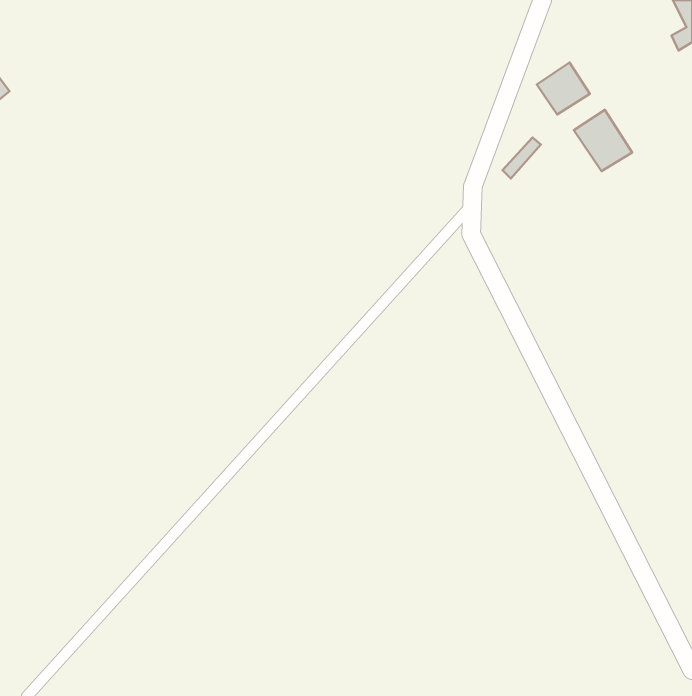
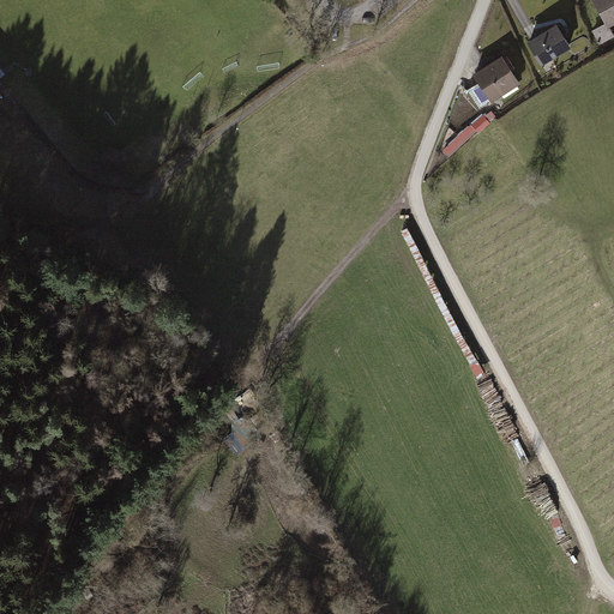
building: none -> [526,24,570,65]
building: [574,110,632,171] -> none

